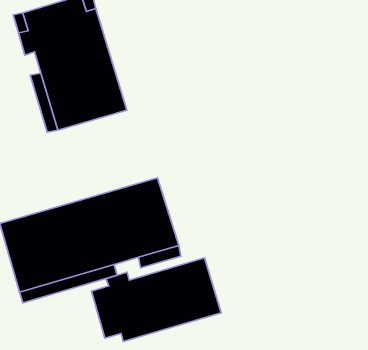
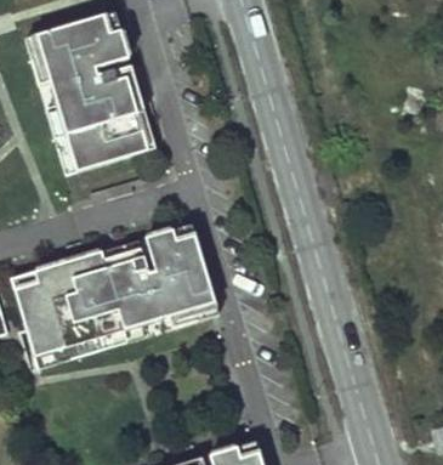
building: [91,258,221,341] -> none

